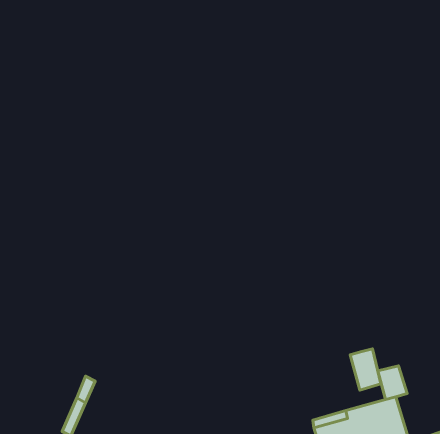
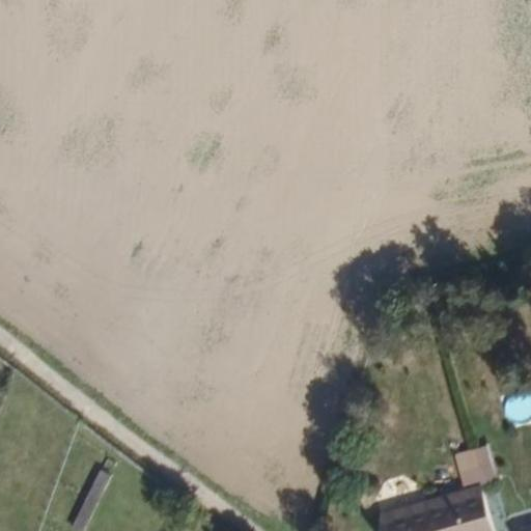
building: [350,349,381,390] -> none

